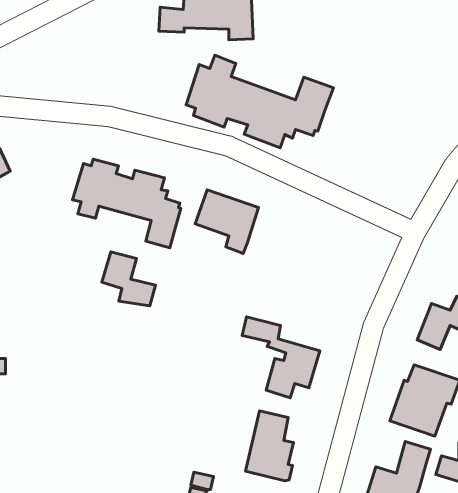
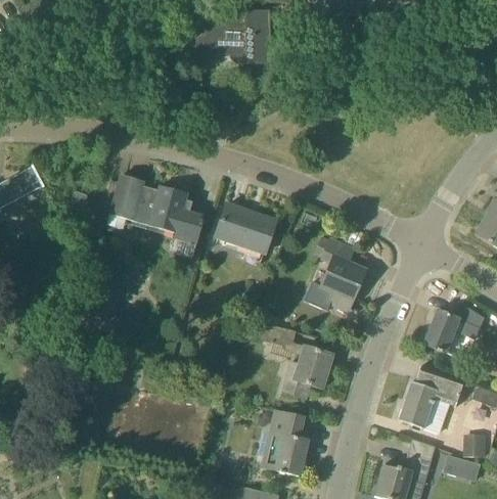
building: [186,55,333,148] -> none
building: none -> [311,239,365,311]
building: [102,252,155,306] -> none

